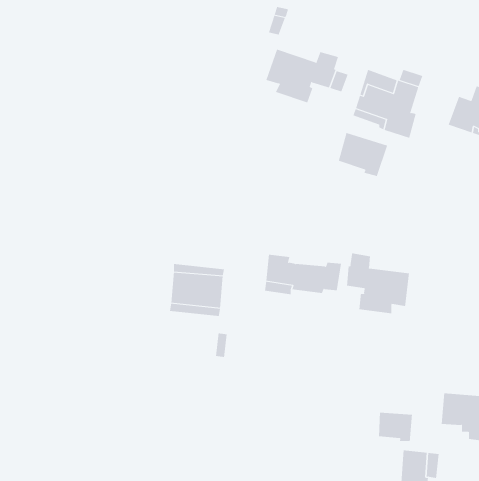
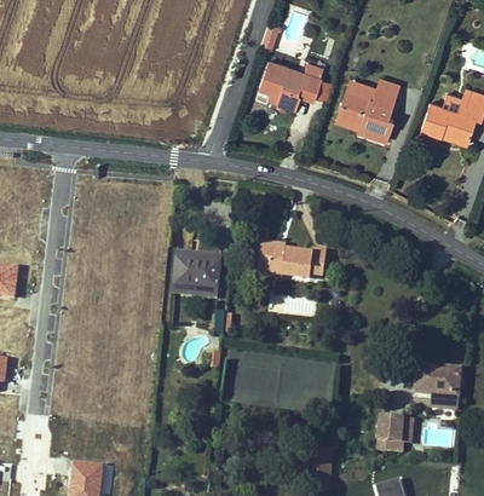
building: [338,132,388,177] -> none
building: [346,252,410,314] -> none
building: [378,412,413,442] -> none

